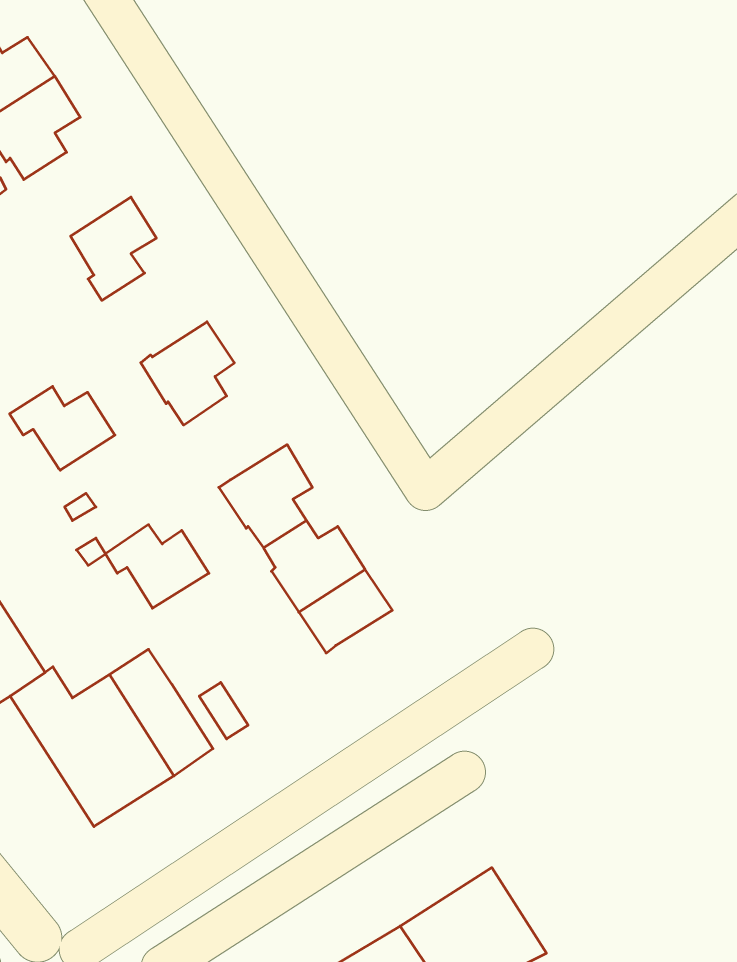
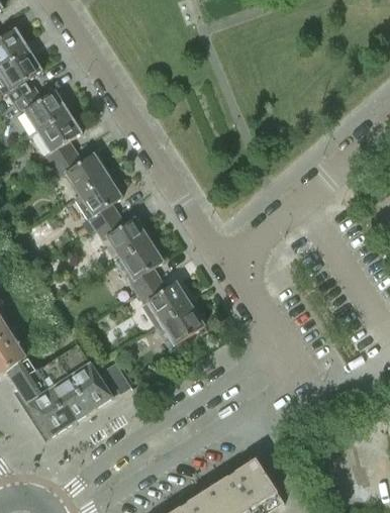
building: none -> [13,88,69,136]
building: [10,386,115,470] -> [54,150,108,194]
building: [106,525,209,608] -> [96,214,150,258]

